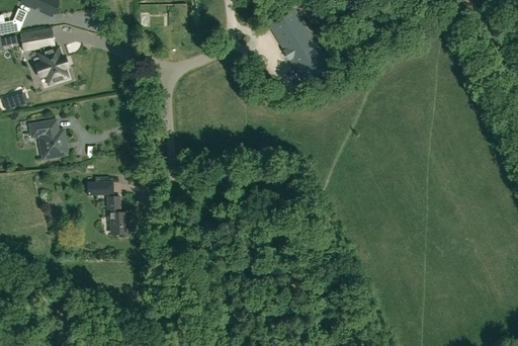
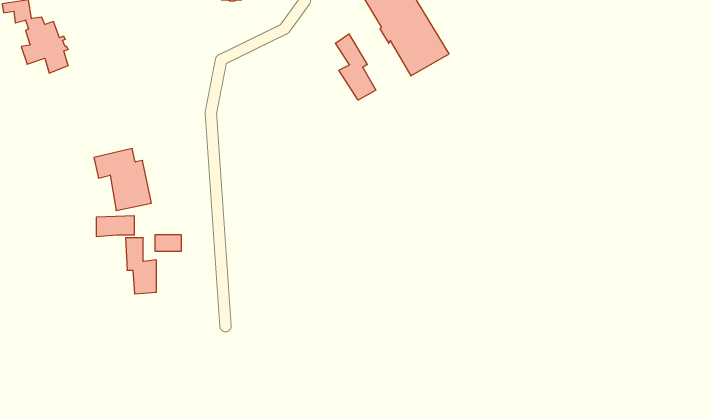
building: none -> [335,34,376,100]
building: [28,117,68,160] -> [94,149,151,210]

